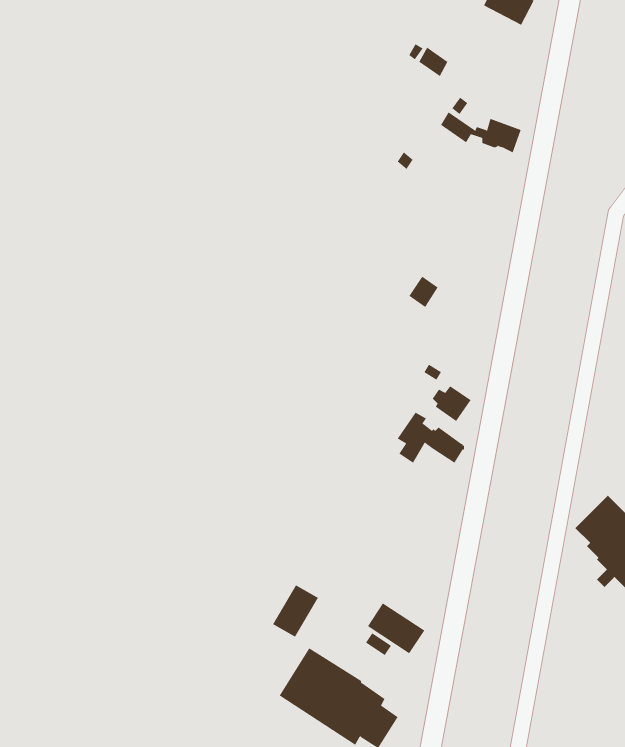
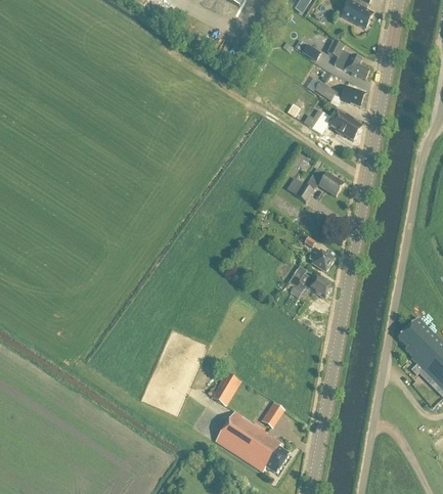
building: none -> [326,40,369,79]
building: none -> [303,109,361,140]
building: none -> [309,168,344,196]
building: [367,603,425,654] -> none

